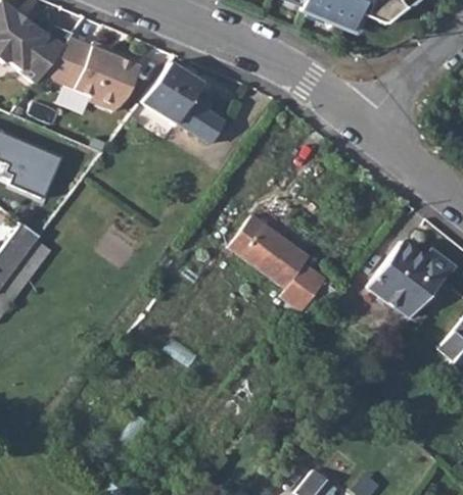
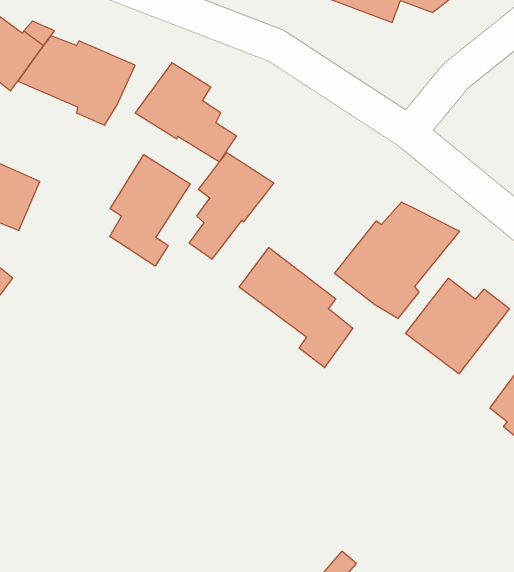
building: none -> [189,153,274,259]
building: none -> [110,155,190,266]
building: none -> [334,202,459,318]

